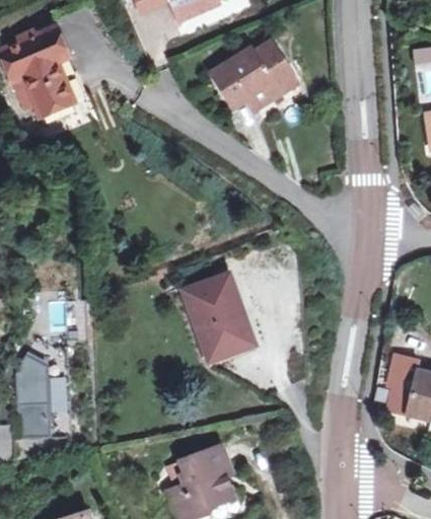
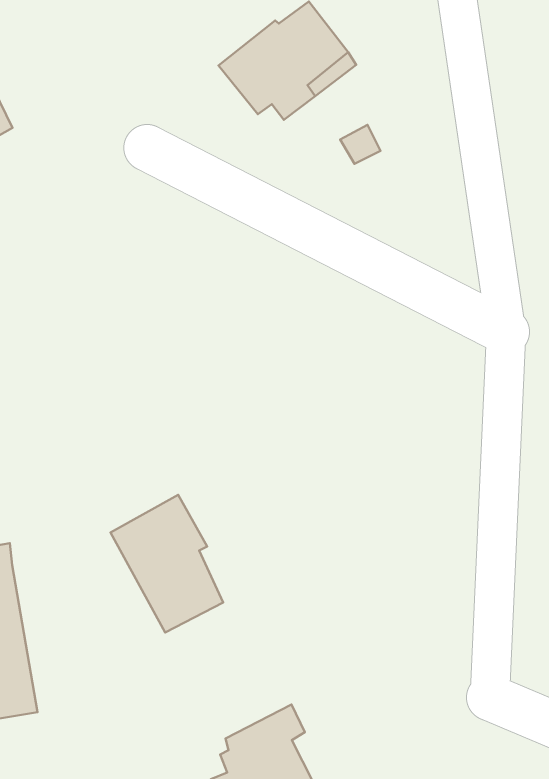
building: [177,279,240,360] -> [111,495,223,632]

